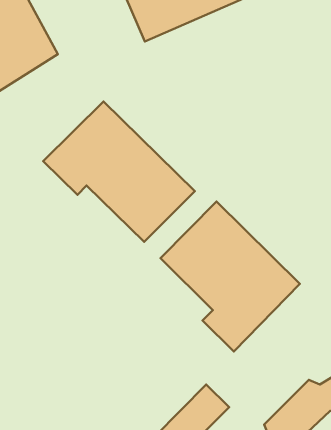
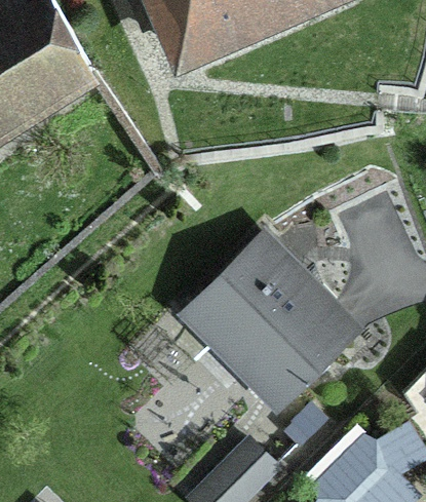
building: [43,101,195,242] -> none

